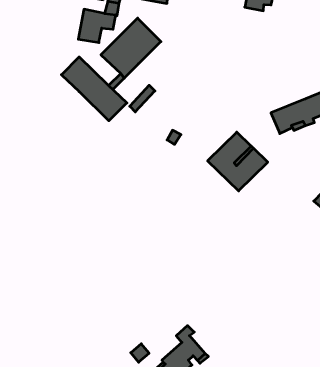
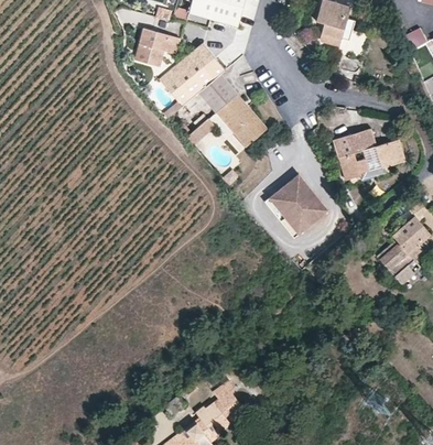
building: [61,57,127,121] -> [198,75,267,146]
building: none -> [332,129,376,158]

